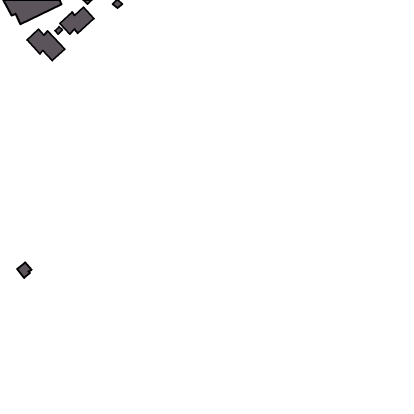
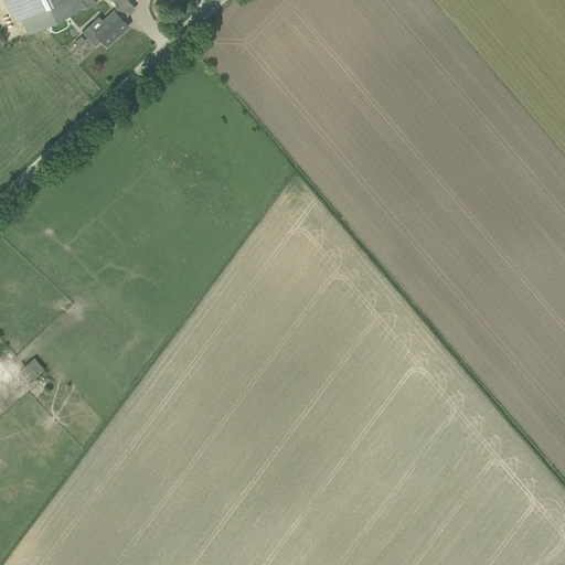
building: [27,29,65,61] -> none

